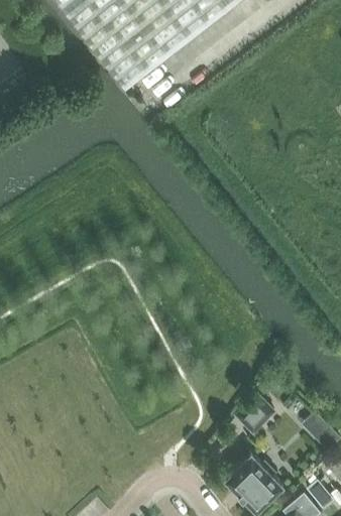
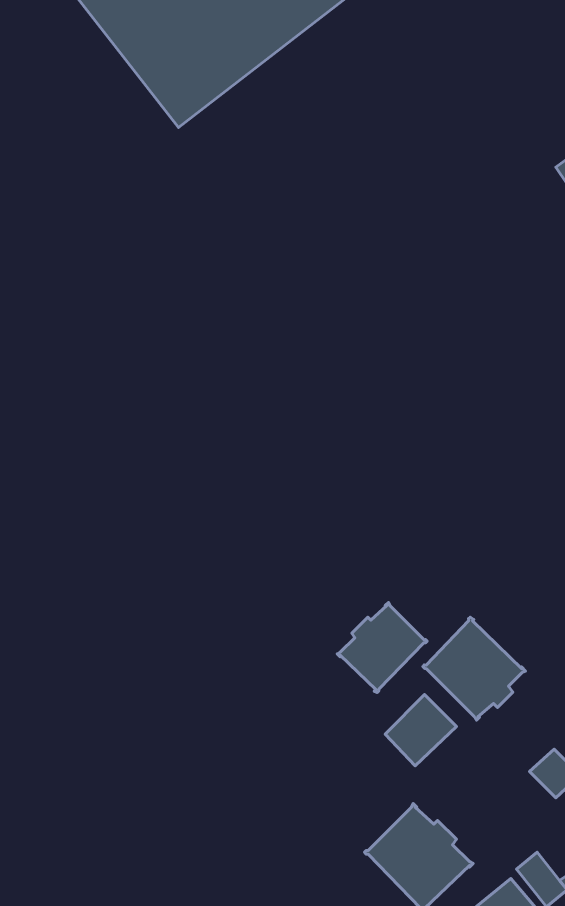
building: none -> [337,602,427,692]
building: none -> [423,617,526,720]

